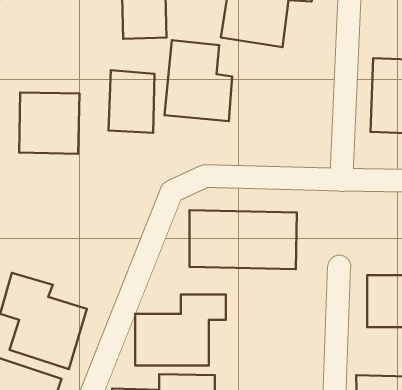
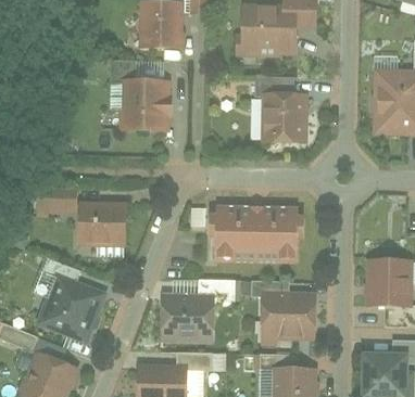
building: [165,40,232,121] -> [250,76,311,149]
building: [19,92,79,154] -> [73,200,127,255]
building: none -> [253,281,317,341]

